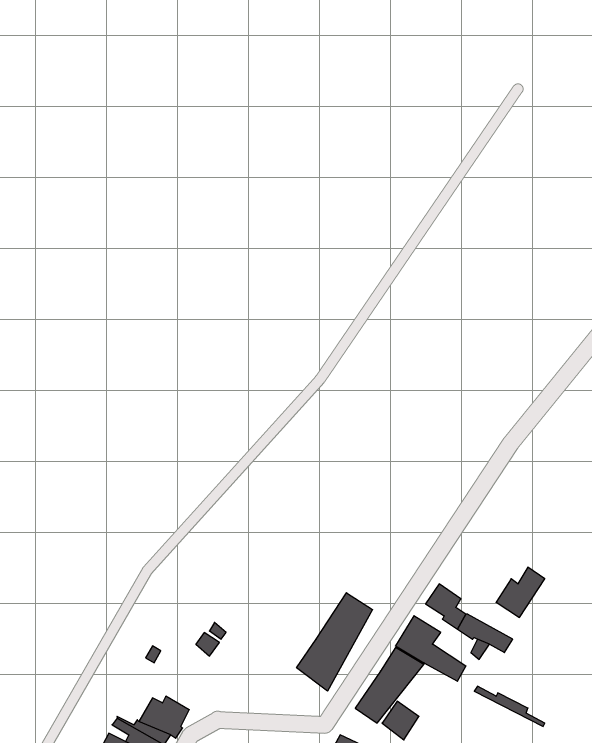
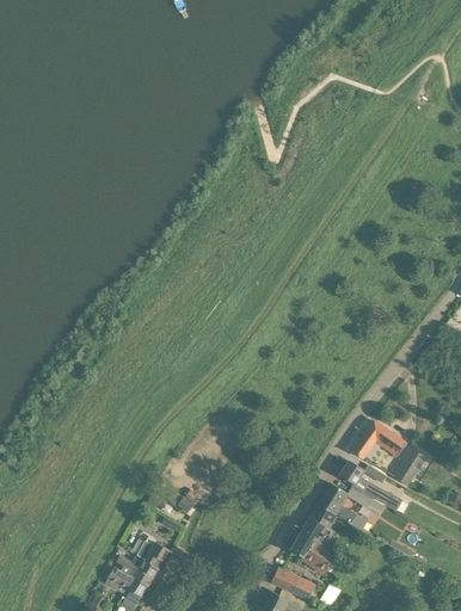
building: none -> [350,421,406,461]
building: [297,593,373,691] -> none

